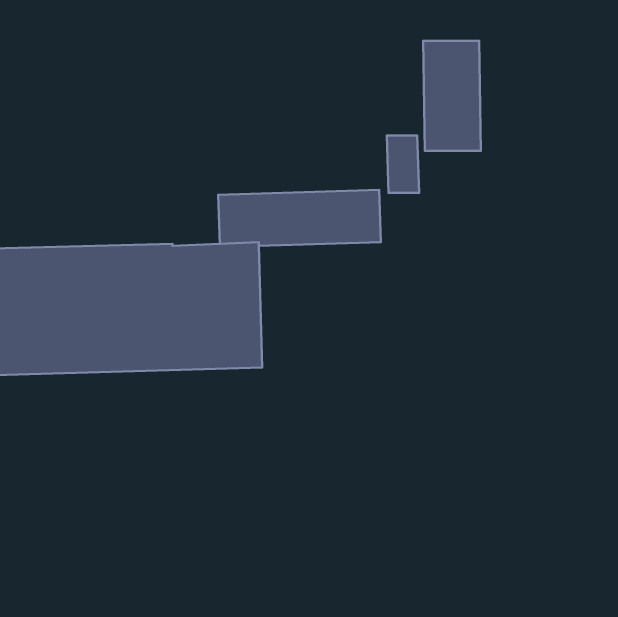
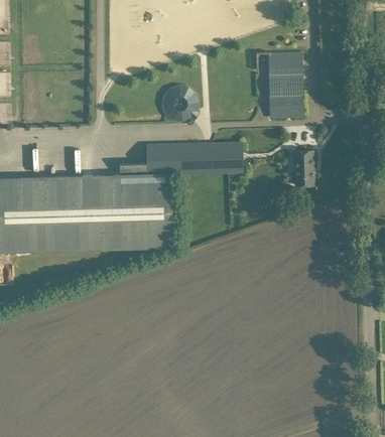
building: none -> [162,86,198,122]
building: [387,135,419,193] -> [294,151,313,185]

